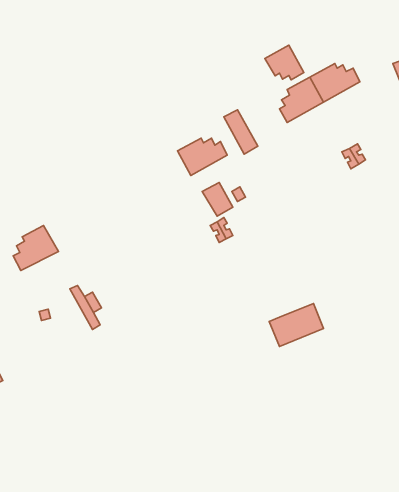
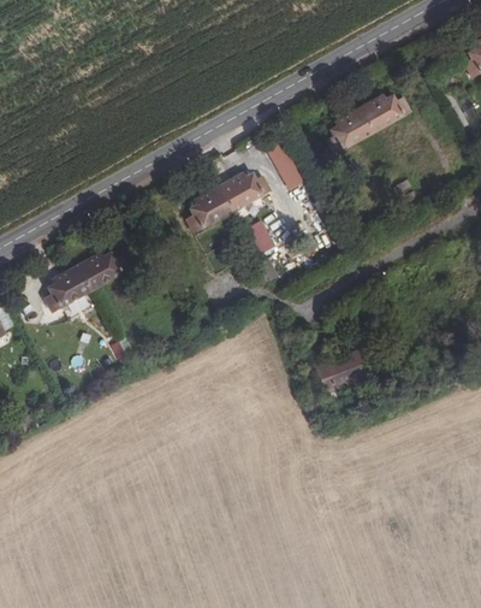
building: [265,45,304,80] -> none
building: none -> [185,185,232,234]
building: none -> [76,252,131,293]

